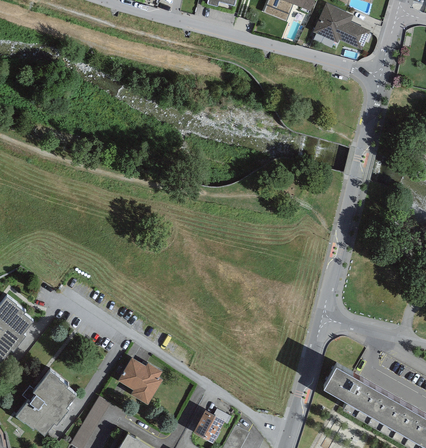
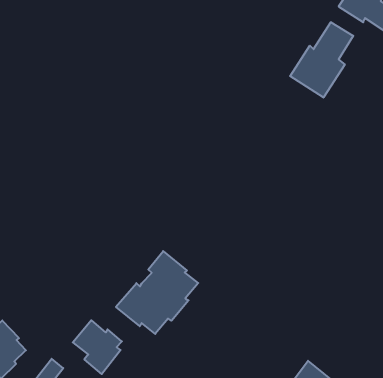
building: none -> [290,22,353,98]
building: none -> [116,251,198,334]

